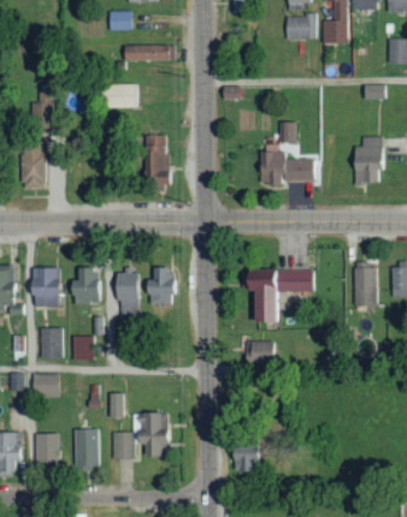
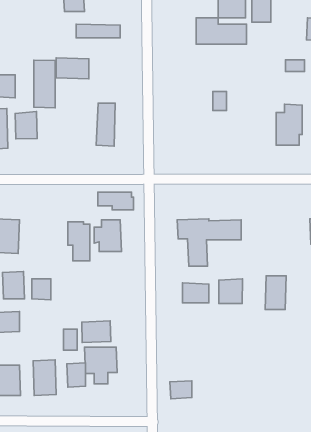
building: none -> [34,60,55,108]
building: none -> [15,112,37,139]
building: [259,151,317,182] -> [196,18,247,44]
building: none -> [98,192,134,210]
building: [354,267,378,305] -> [265,276,286,309]
building: [70,268,101,303] -> none
building: none -> [219,279,243,303]
building: none -> [82,321,111,342]

